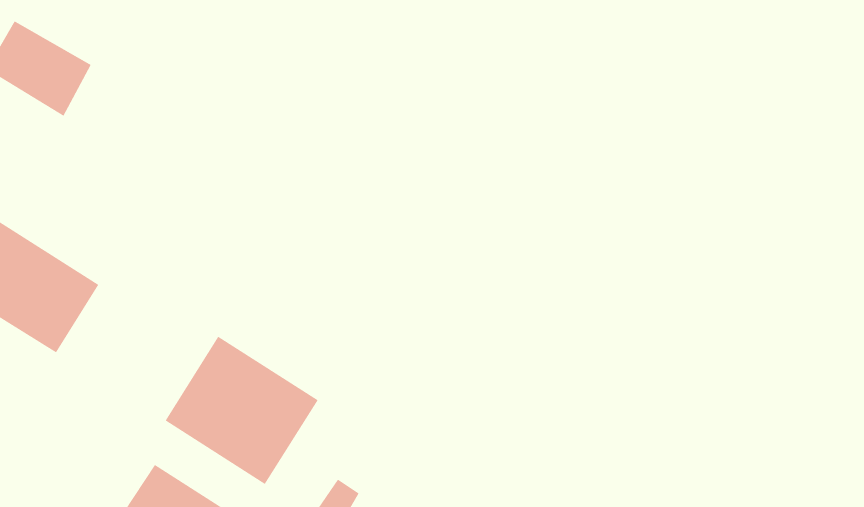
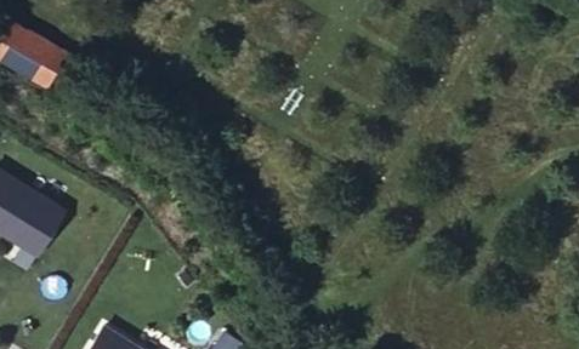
building: [165,336,318,485] -> none

